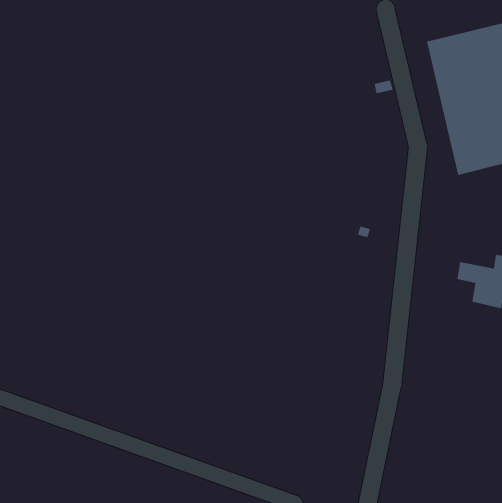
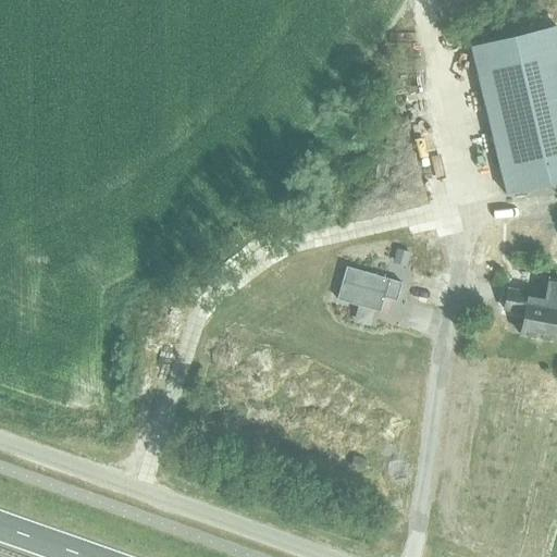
building: none -> [338,265,404,311]

